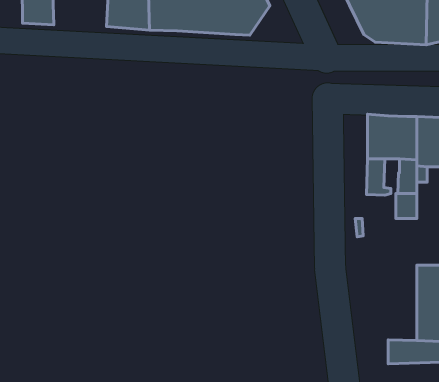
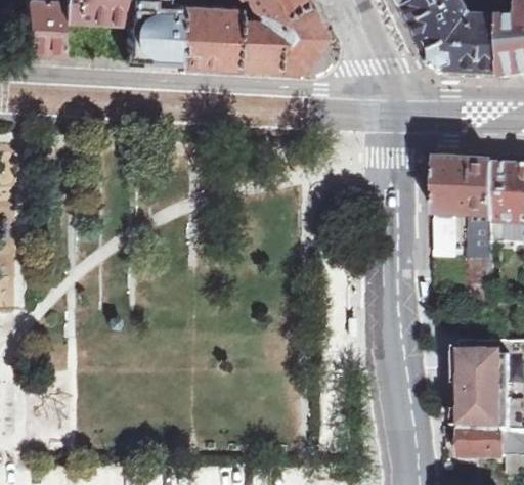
building: none -> [461,340,494,429]

